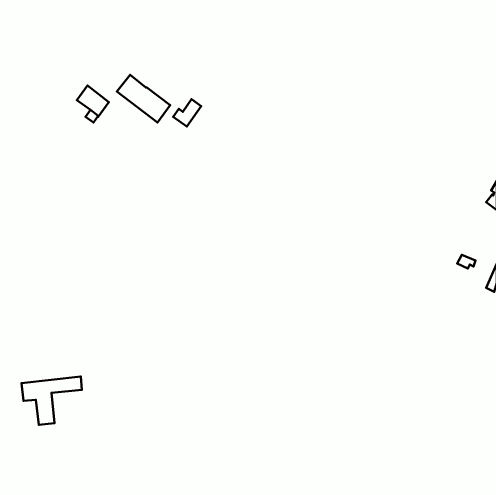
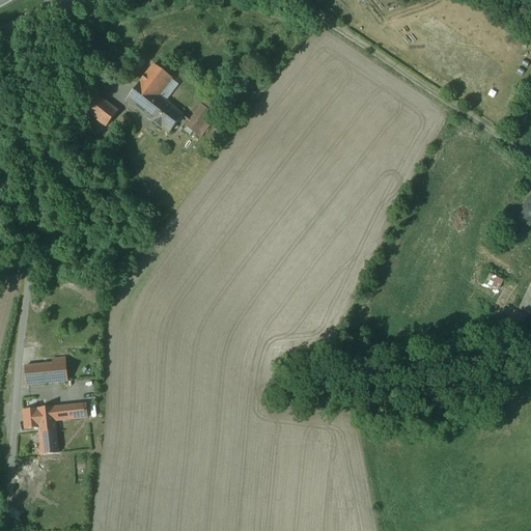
building: none -> [140,62,170,93]
building: none -> [25,360,68,383]

